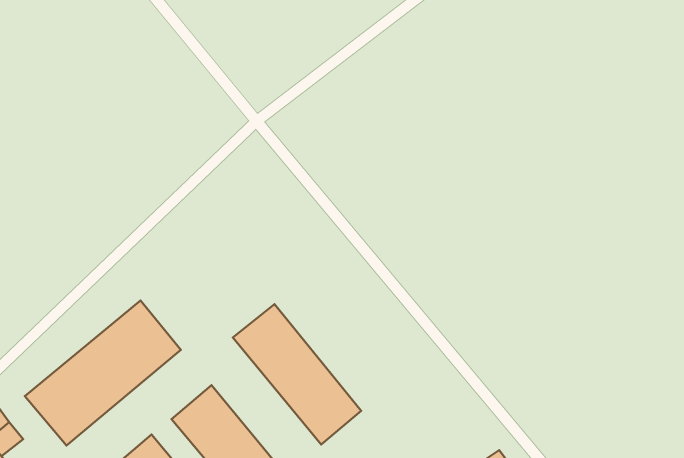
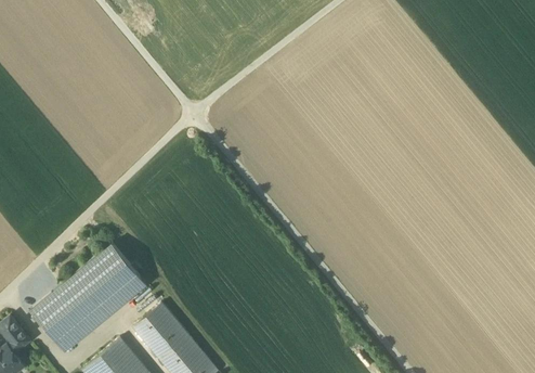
building: [233,304,361,445] -> none

